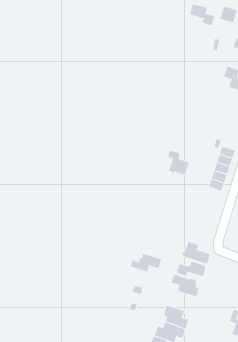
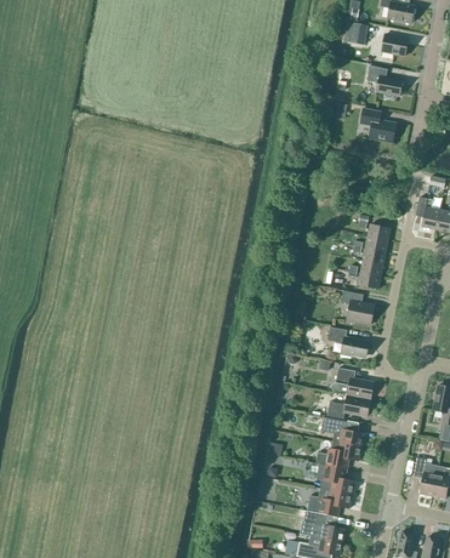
building: [189,4,215,26] -> none
building: [167,150,189,176] -> [342,290,375,324]
building: none -> [327,326,368,357]
building: [130,253,162,272] -> [317,440,361,467]

